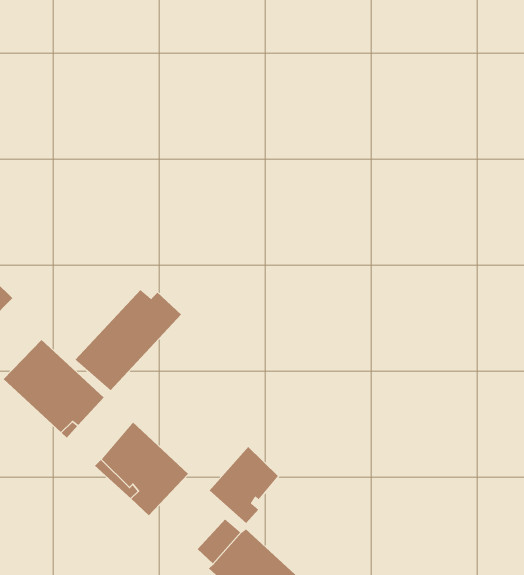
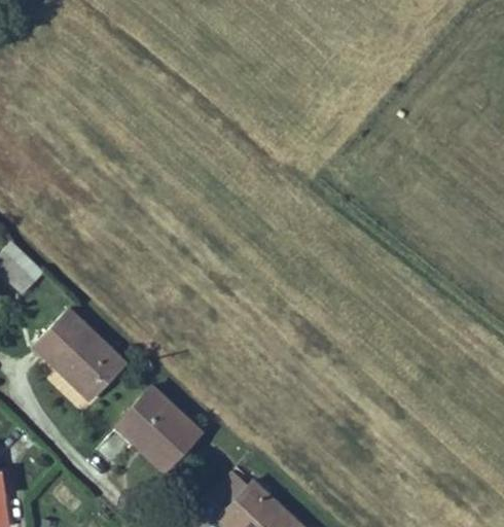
building: [75,289,182,391] -> none
building: [209,446,279,524] -> none

